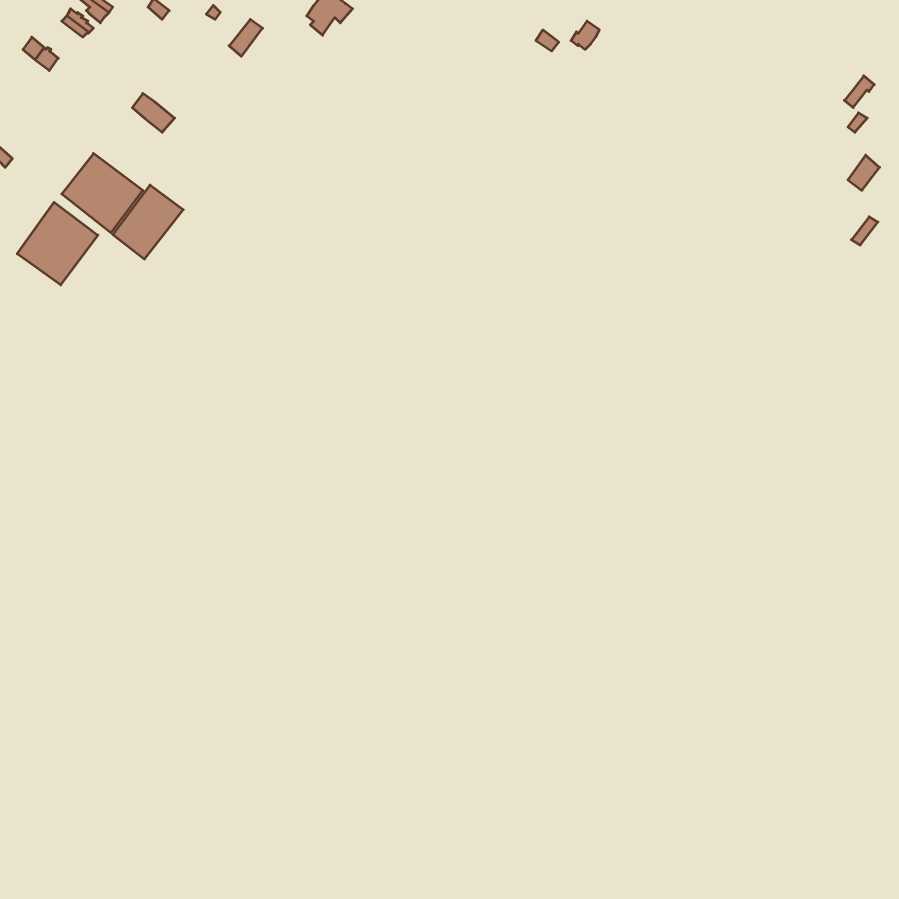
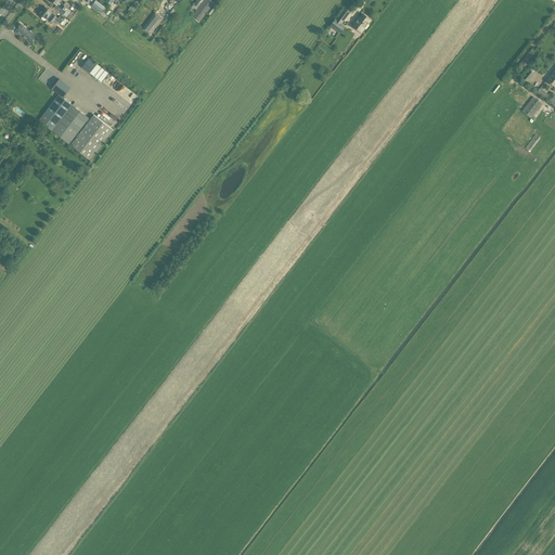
building: [17,202,98,285] -> none

